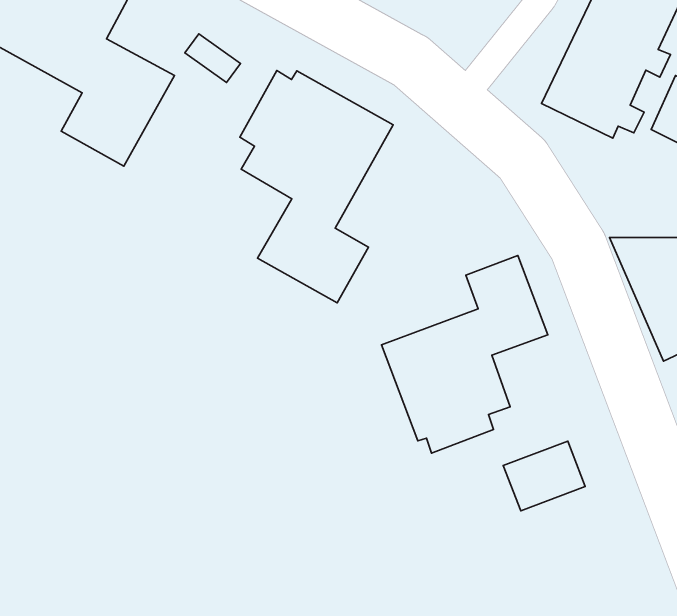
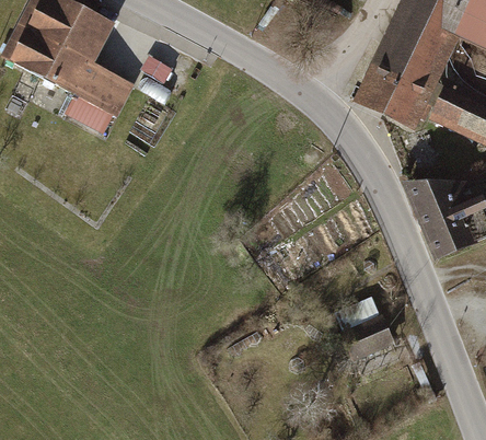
building: [240,71,393,303] -> none
building: [382,256,548,453] -> none

